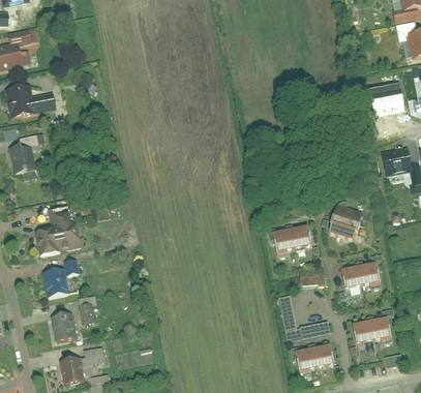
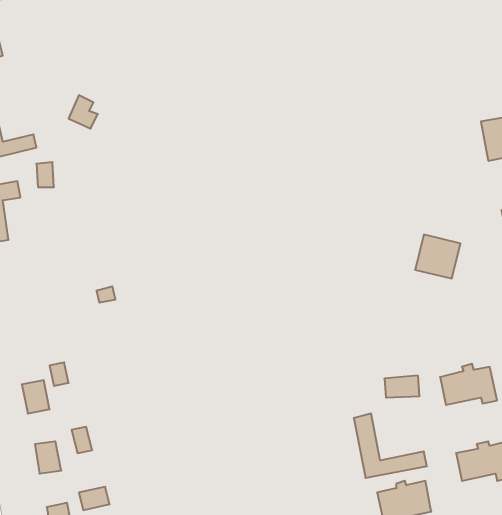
building: [329,209,361,240] -> [415,235,460,279]
building: [36,215,79,252] -> none
building: [273,226,310,255] -> none

